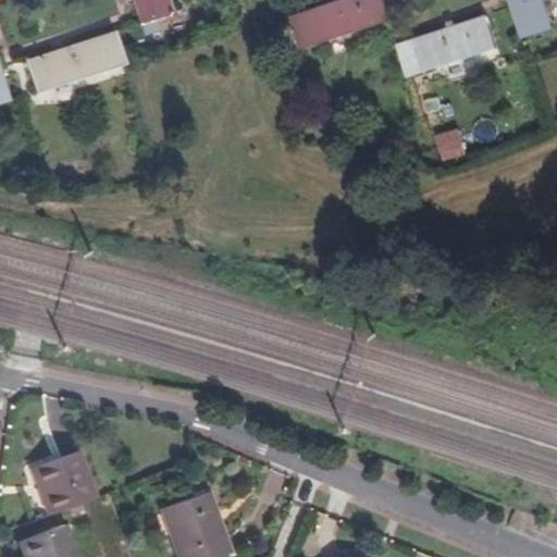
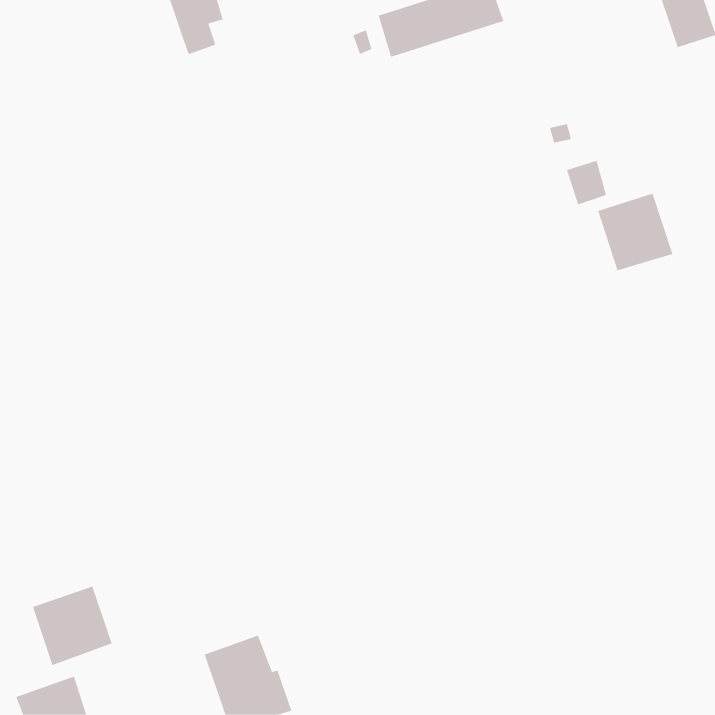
building: [401,14,500,73] -> none
building: [27,33,125,94] -> none
building: none -> [597,193,673,271]

